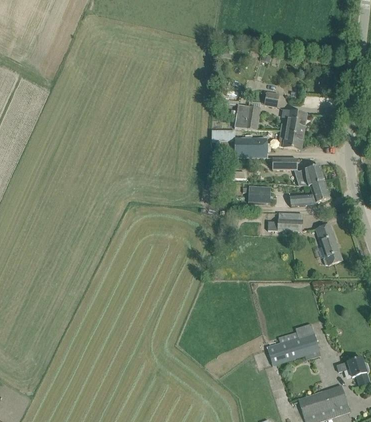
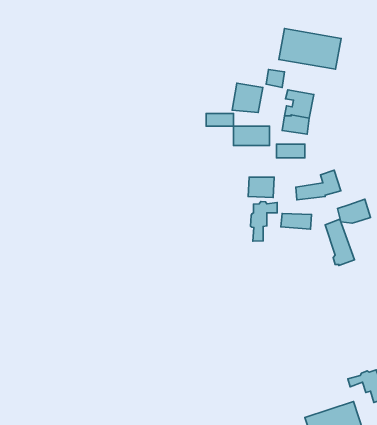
building: none -> [279,29,341,69]
building: [295,164,324,185] -> [338,199,370,223]
building: none -> [251,202,277,241]
building: [266,332,320,365] -> none

